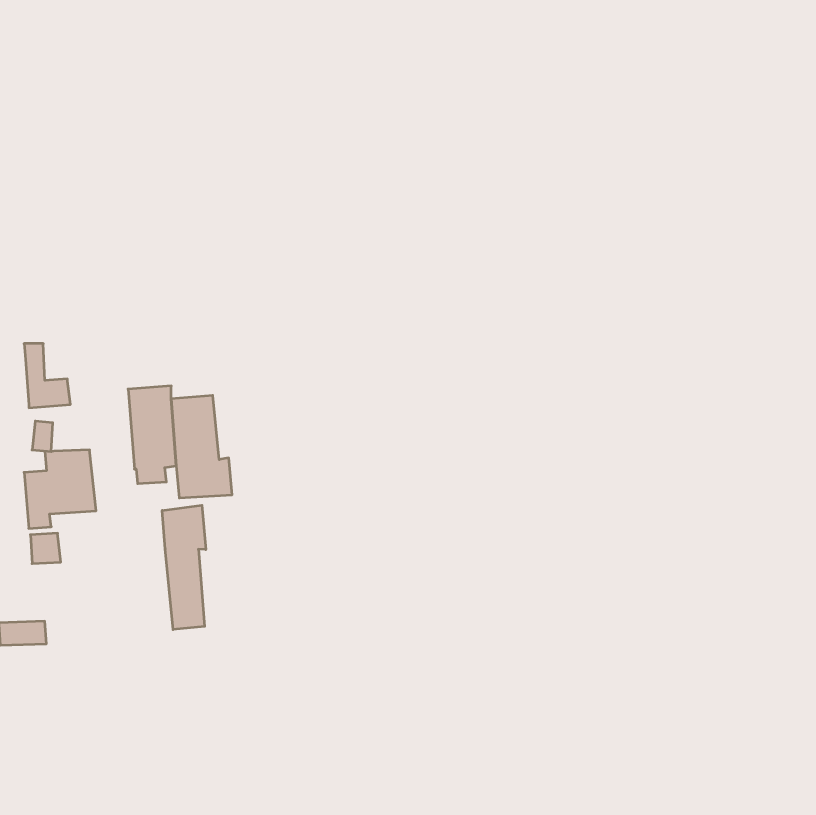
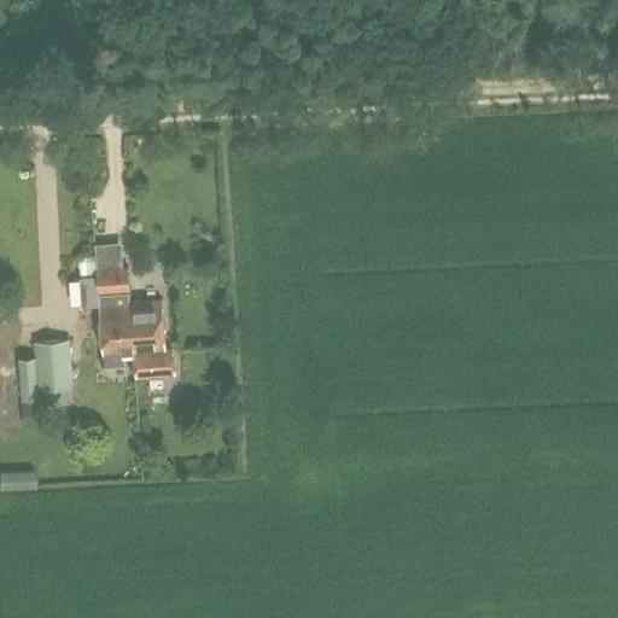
building: [24,344,70,408] -> [94,245,129,293]
building: [162,505,206,630] -> none

